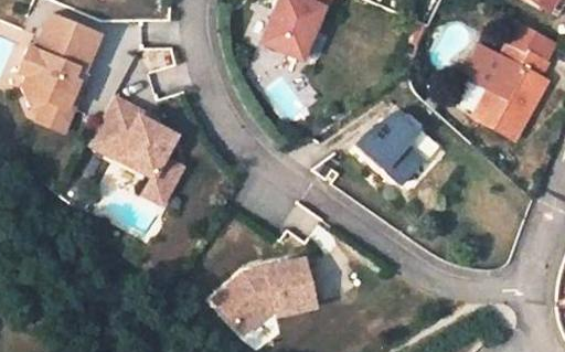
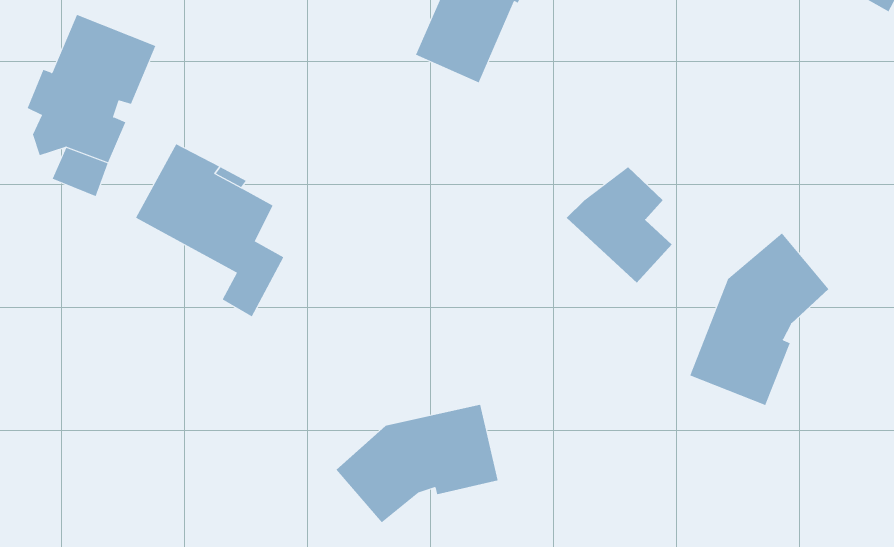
building: [465,19,555,138] -> none
building: none -> [689,233,829,406]

